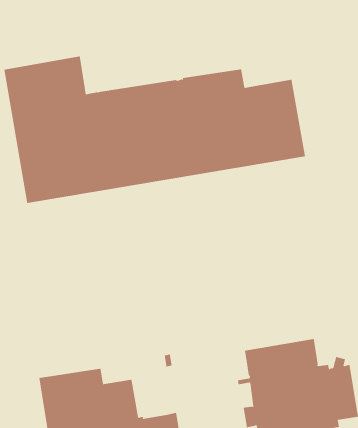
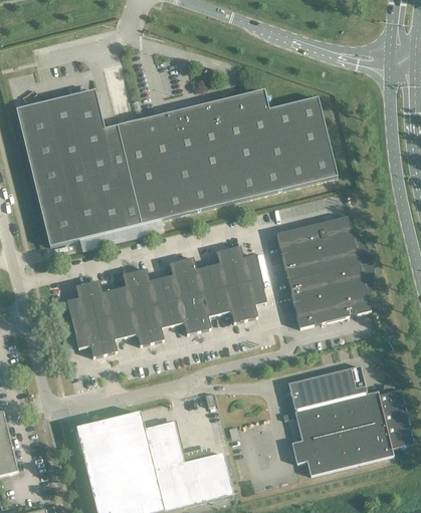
building: none -> [275,215,370,327]
building: none -> [65,245,266,356]

